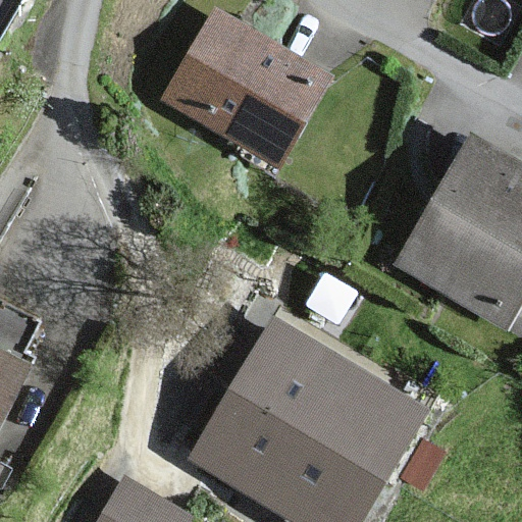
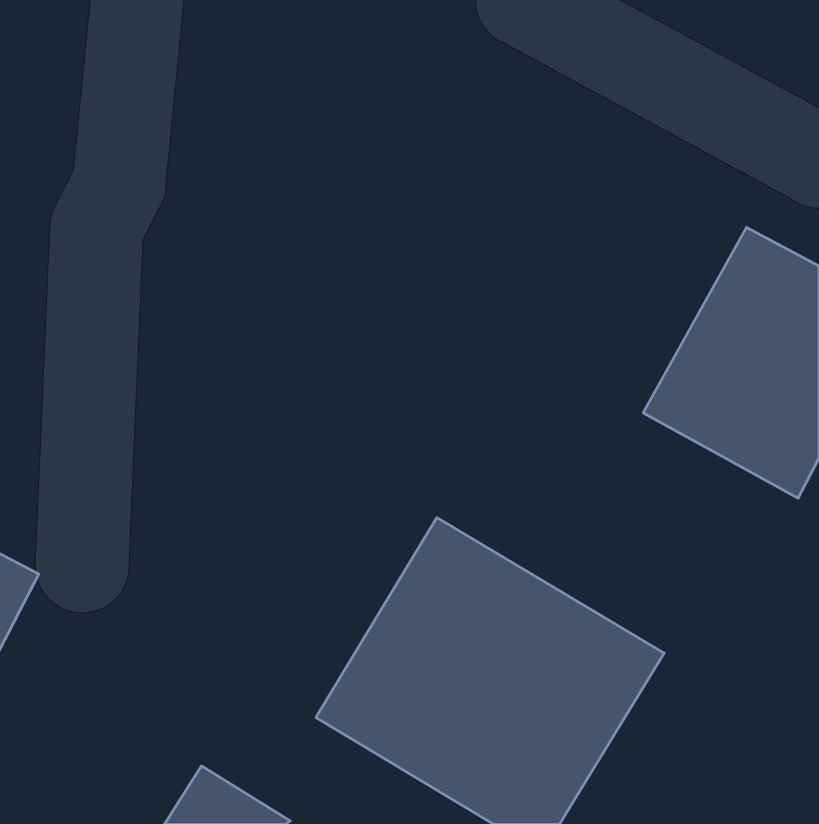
building: [169,13,324,157] -> none

